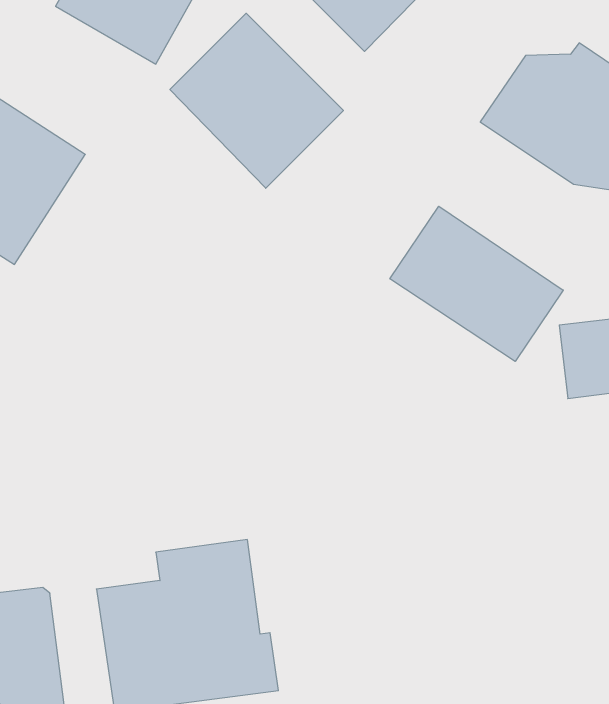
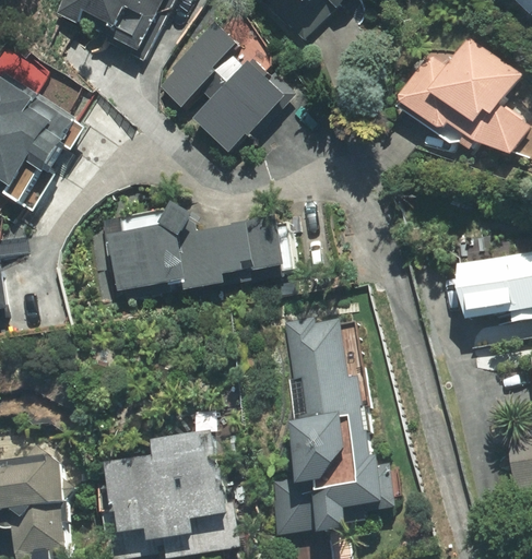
building: [390,206,563,361] -> none
building: none -> [97,206,295,287]
building: none -> [272,305,381,534]

